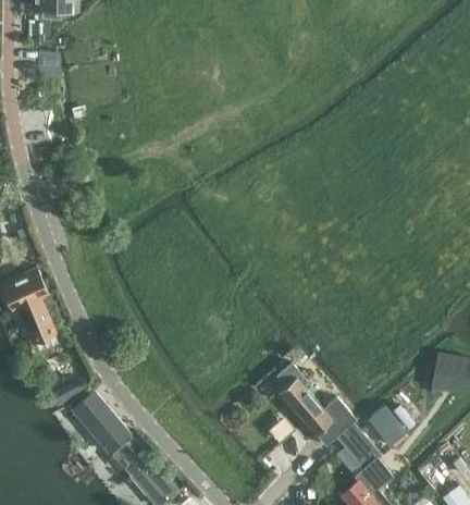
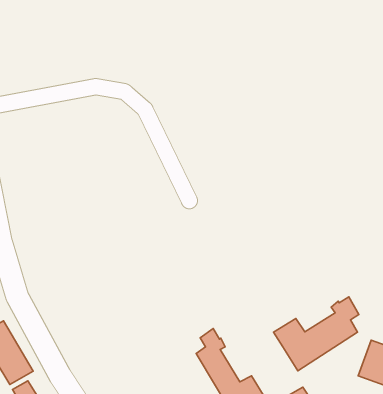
building: none -> [274,297,359,371]

